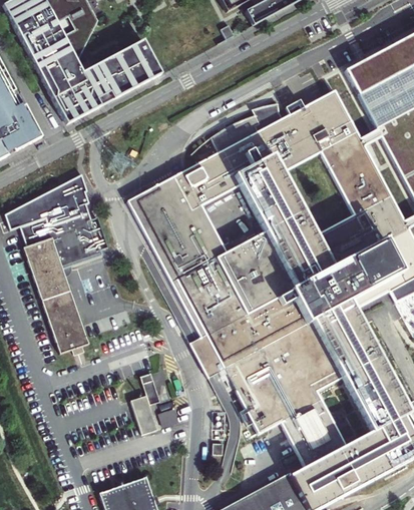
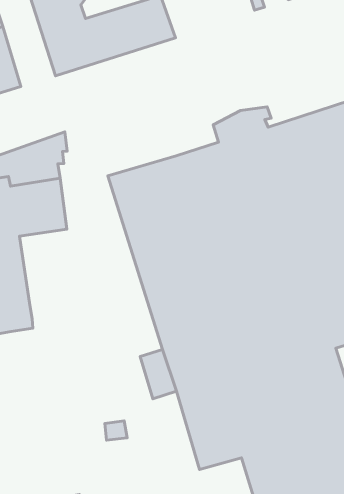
building: [133,370,162,432] -> none

